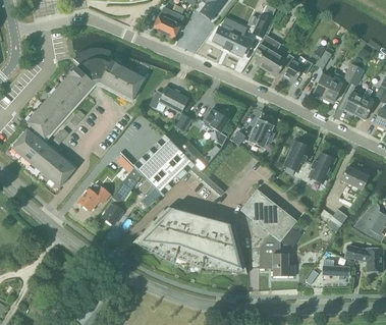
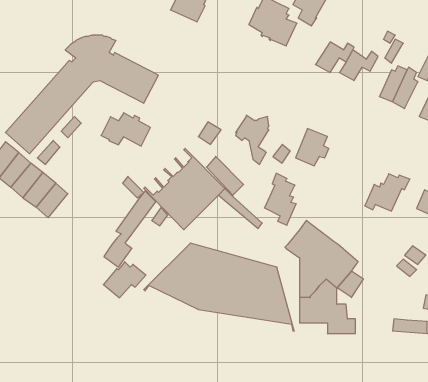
building: [254,34,280,69] -> none
building: [149,87,186,112] -> [101,113,150,146]
building: [284,138,309,177] -> [264,173,296,225]
building: [78,182,111,210] -> [103,262,146,298]

